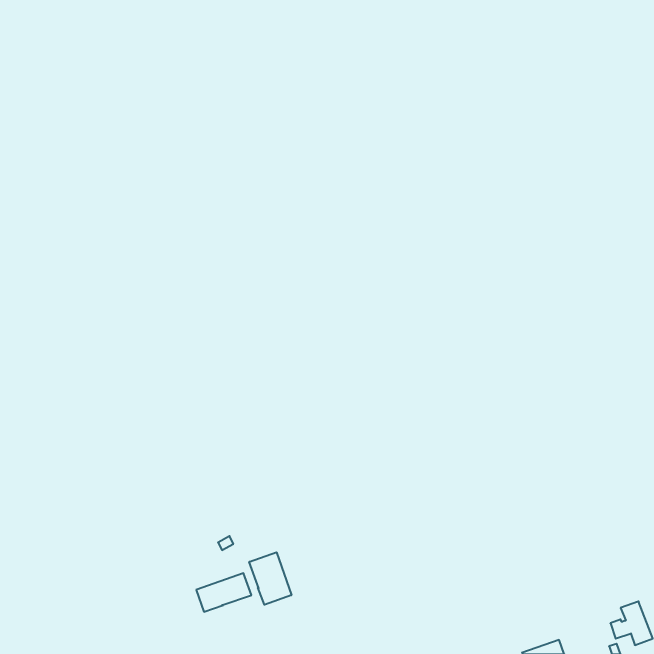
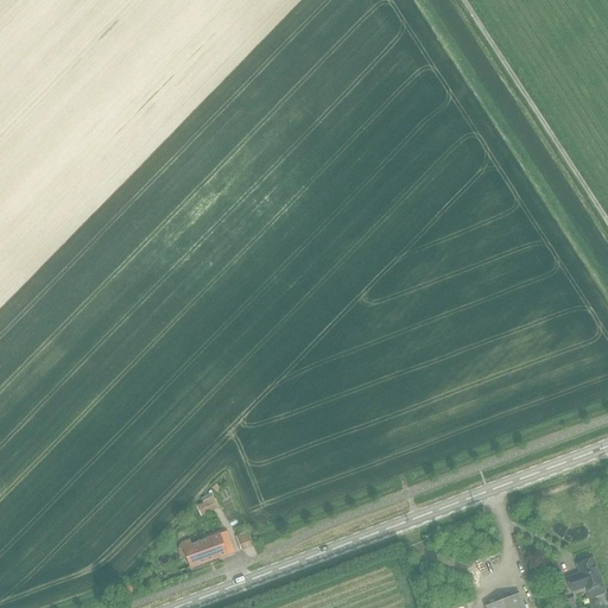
building: [249,552,291,605] -> none

